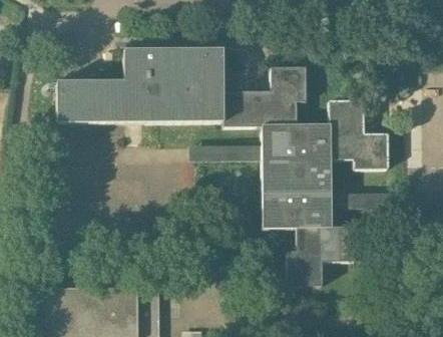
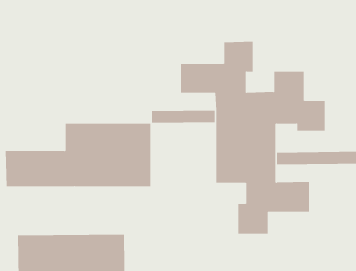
building: [56,50,223,122] -> [5,123,151,187]

